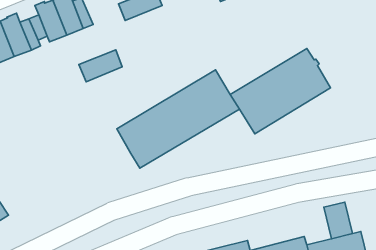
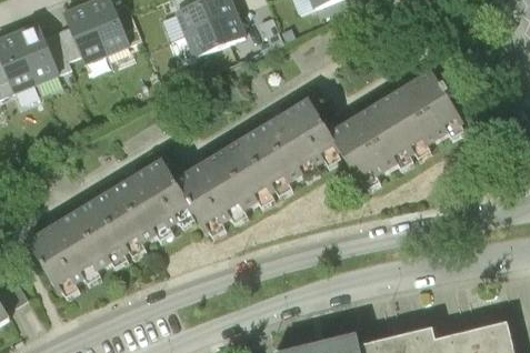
building: [79,50,122,82] -> [184,12,243,56]
building: none -> [27,159,192,293]
building: [324,202,353,239] -> none

